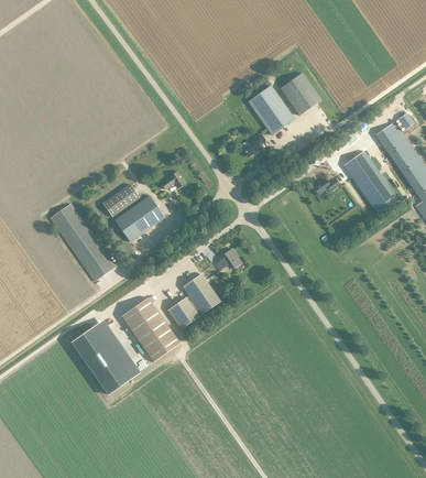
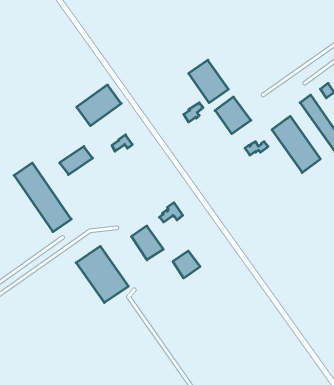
building: [281,73,321,115] -> [215,97,251,134]
building: [114,195,165,241] -> [77,85,121,126]
building: [168,297,199,328] -> [173,251,200,278]
building: [70,324,131,393] -> none

